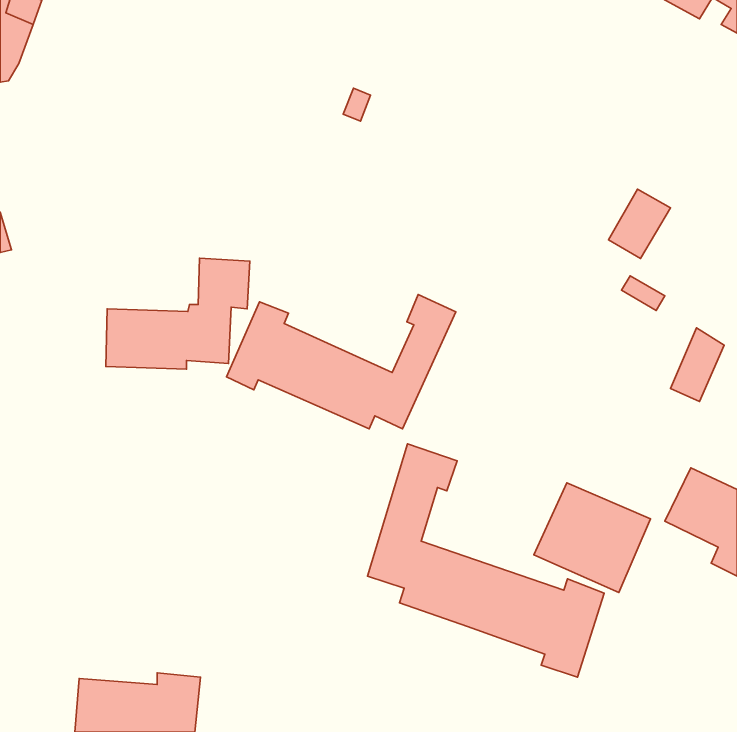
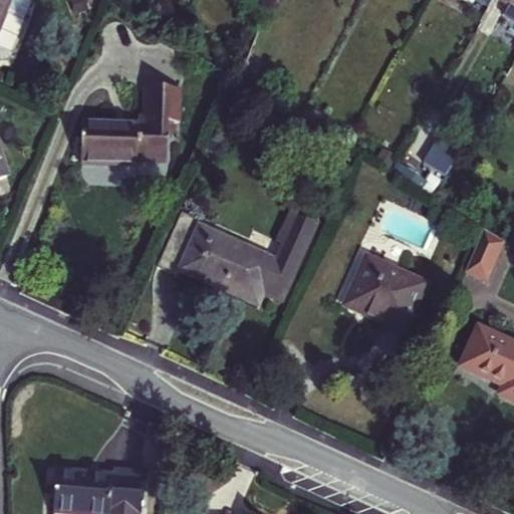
building: [106,258,250,369] -> [79,86,180,164]
building: [368,444,604,677] -> none
building: [534,483,651,593] -> [343,253,425,329]

